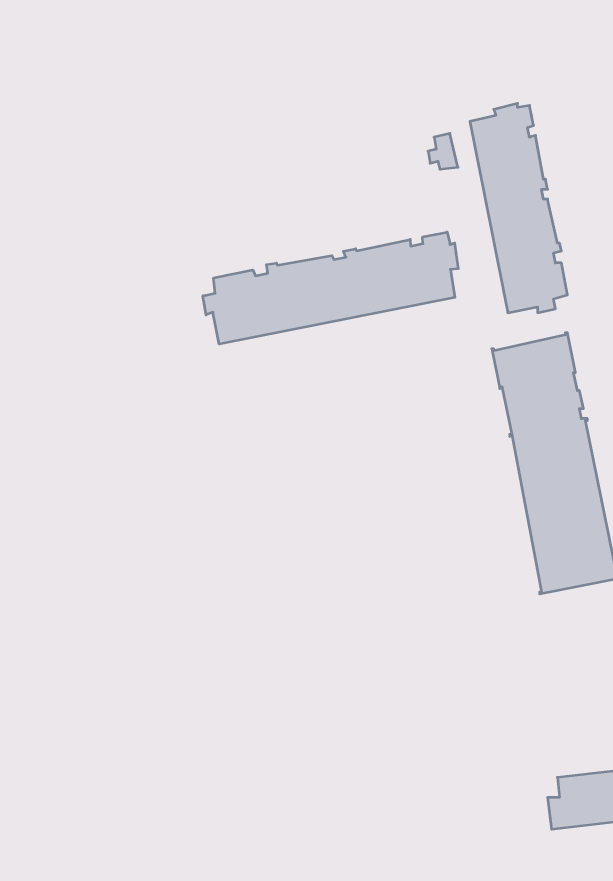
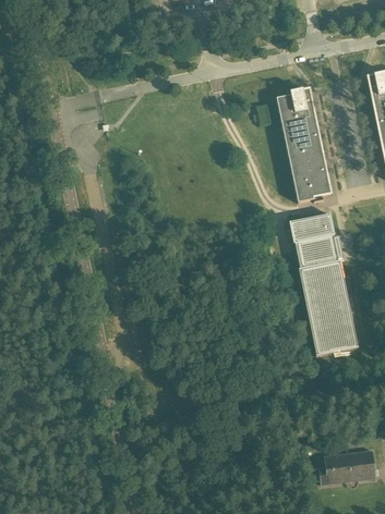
building: [203,232,458,344] -> none

